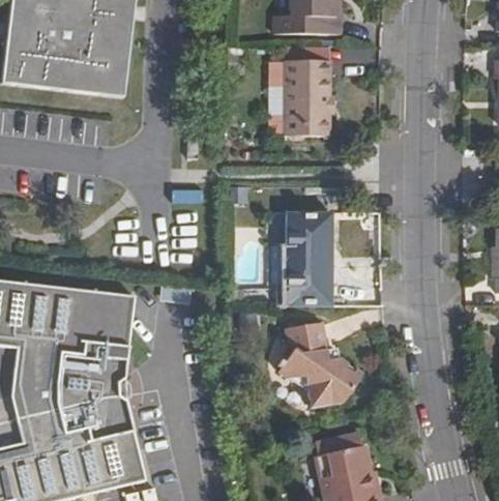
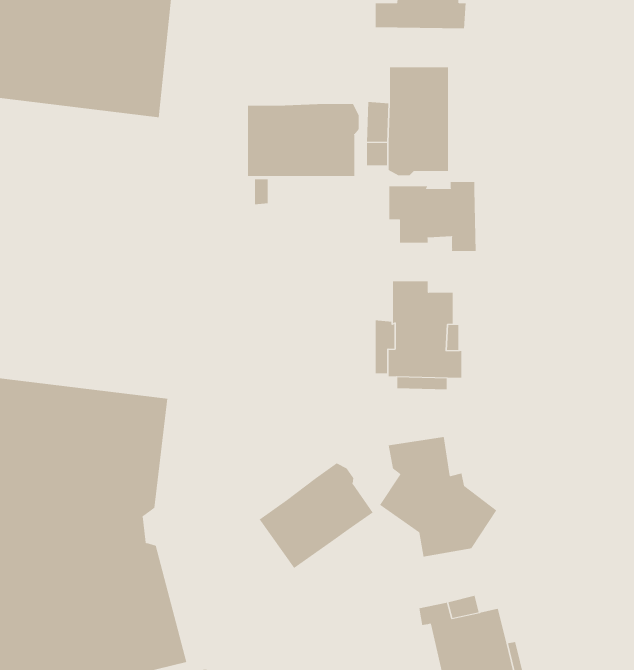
building: none -> [247,103,359,177]
building: none -> [389,181,476,252]
building: none -> [259,463,374,569]

